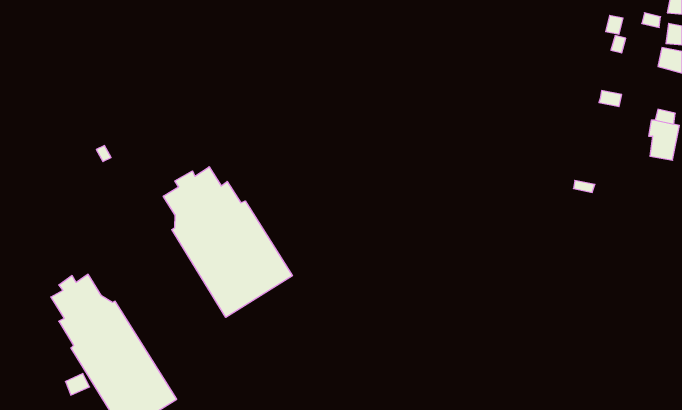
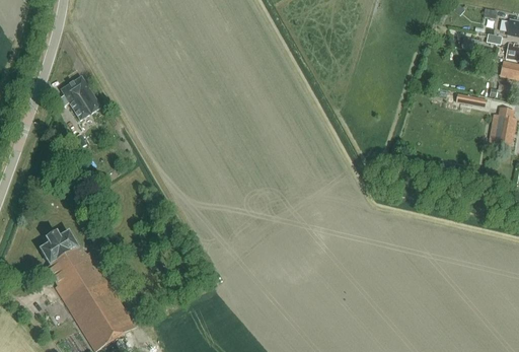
building: none -> [59,76,99,120]
building: [163,167,292,317] -> none

